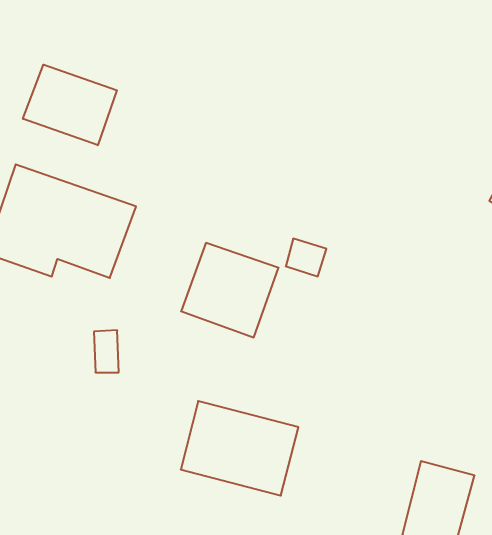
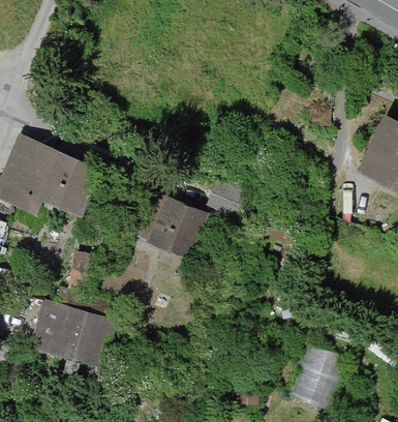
building: [23,65,117,145] -> none
building: [181,401,298,496] -> [31,303,115,370]

